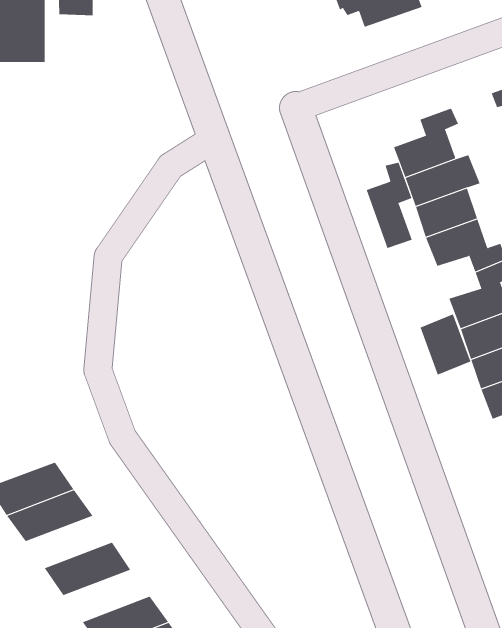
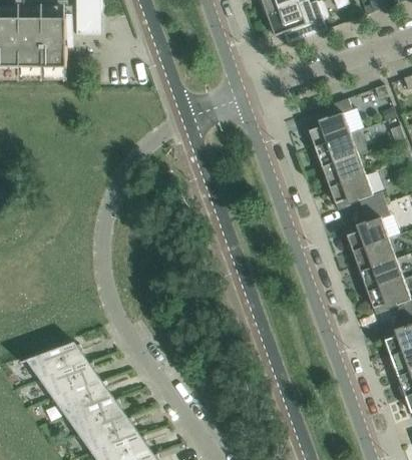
building: [366,162,412,249] -> none
building: [420,314,471,376] -> none
building: none -> [53,379,113,415]
building: none -> [79,416,139,452]

